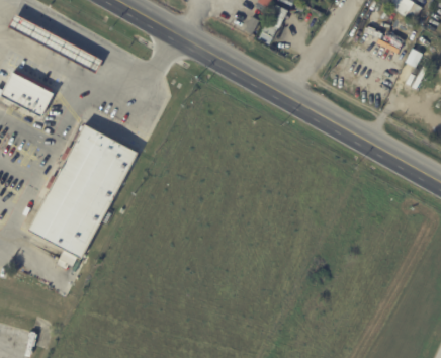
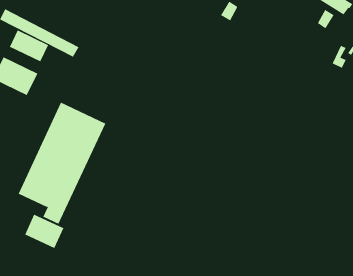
building: none -> [9,30,49,62]
building: none -> [24,214,64,249]

